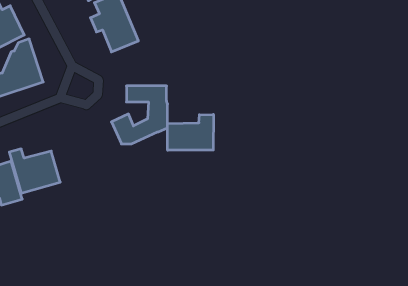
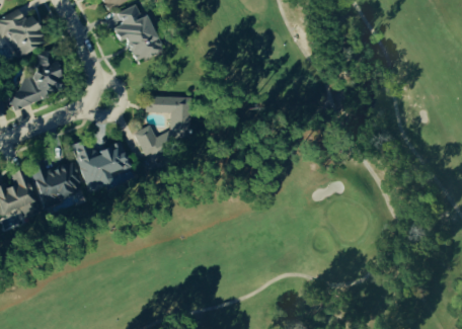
building: [168,114,213,150] -> none
building: none -> [74,141,133,188]

